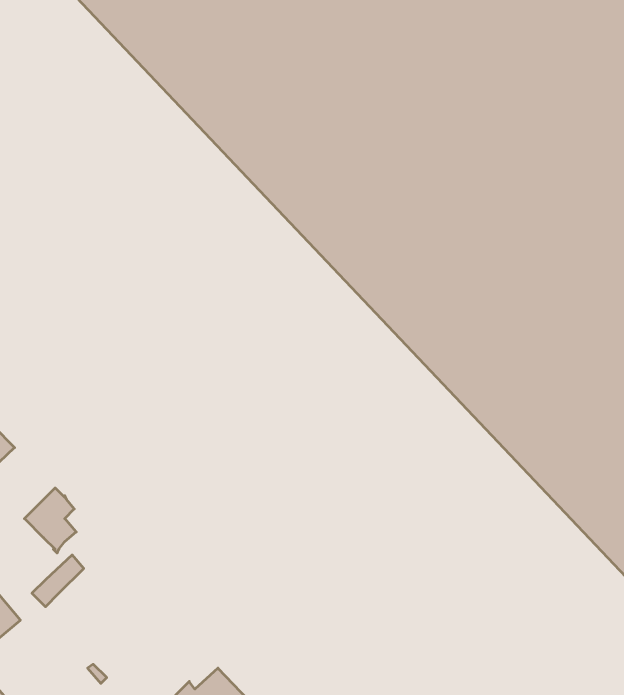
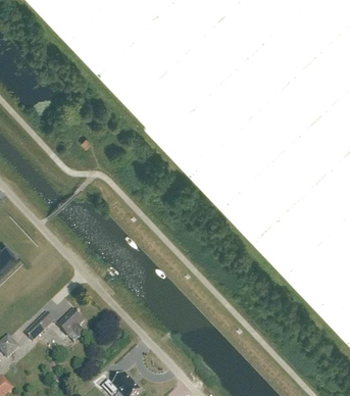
building: [24,488,76,553] -> [56,307,84,342]

